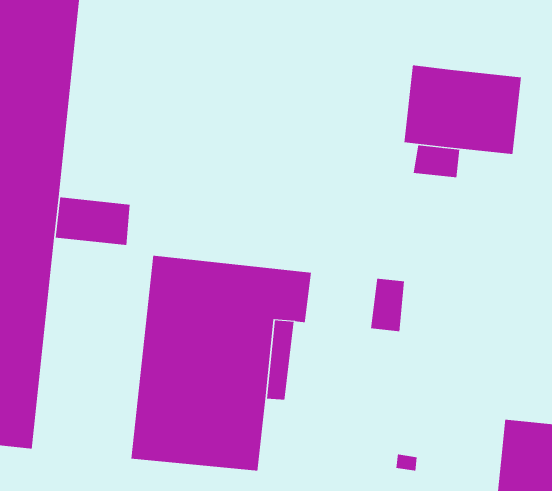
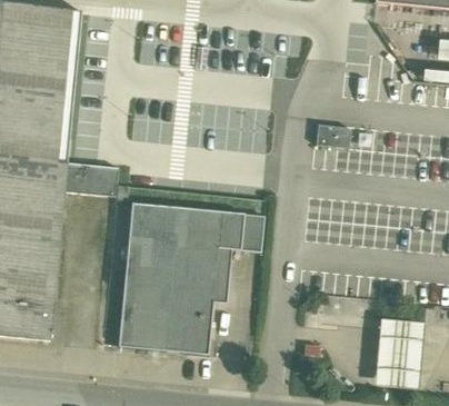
building: [404,65,522,155] -> none
building: [370,278,405,332] -> [241,214,266,251]

